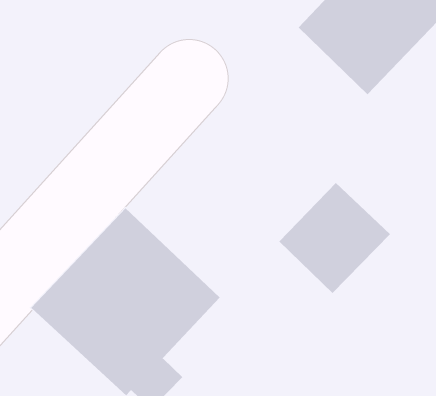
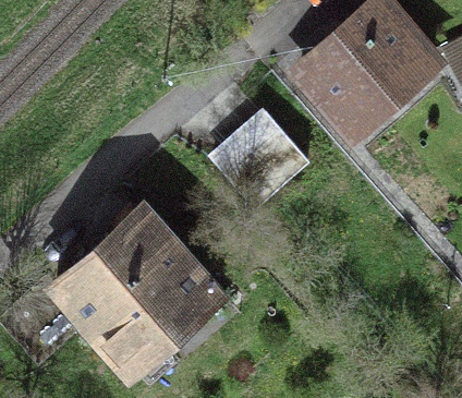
building: [279,182,391,294] -> [215,111,309,205]

